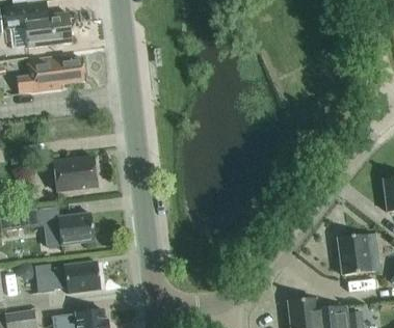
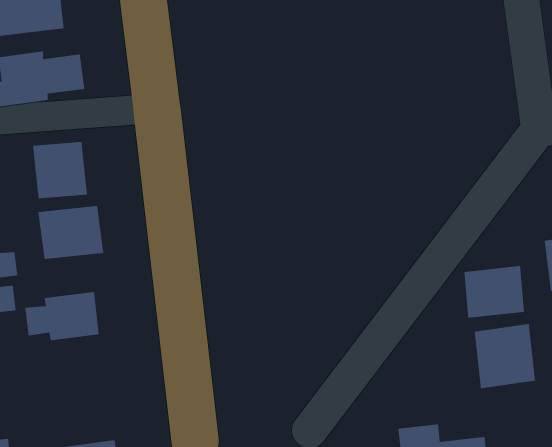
building: none -> [33,141,87,199]
building: none -> [464,265,524,319]
building: [34,261,100,293] -> none

